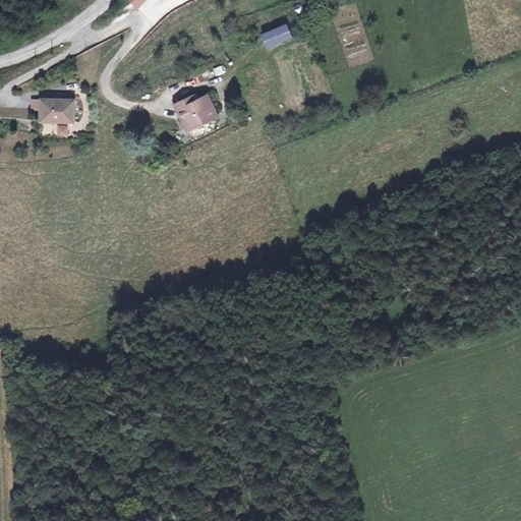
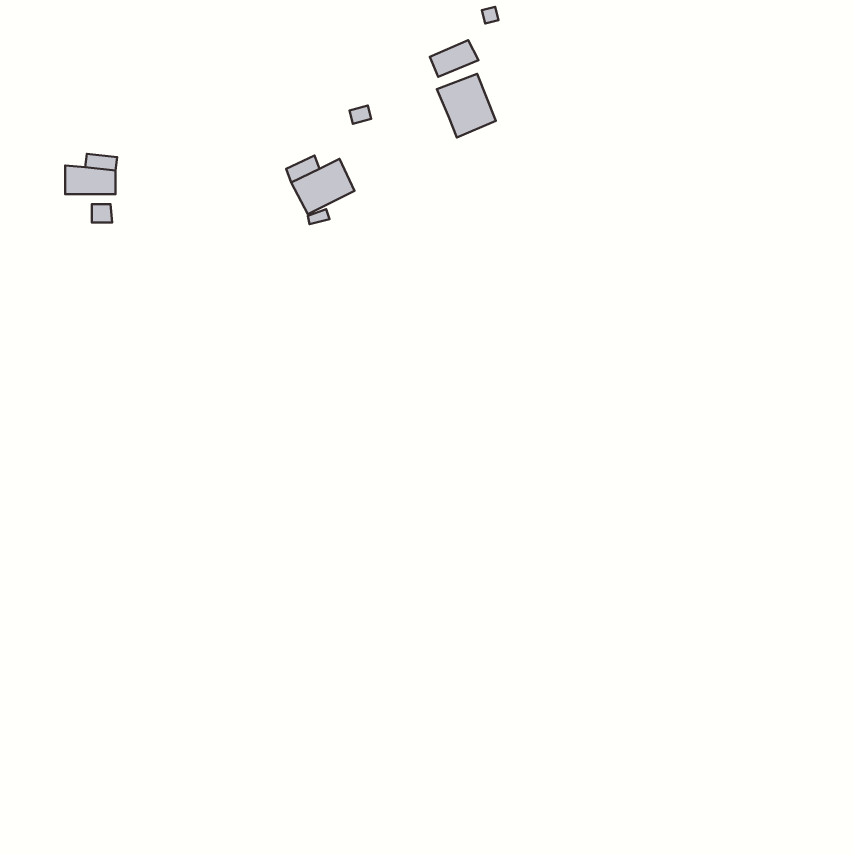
building: none -> [437,74,496,138]

